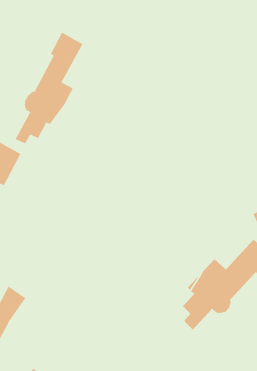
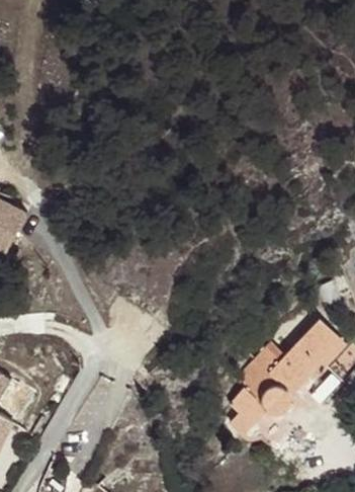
building: [15,32,83,144] -> none

